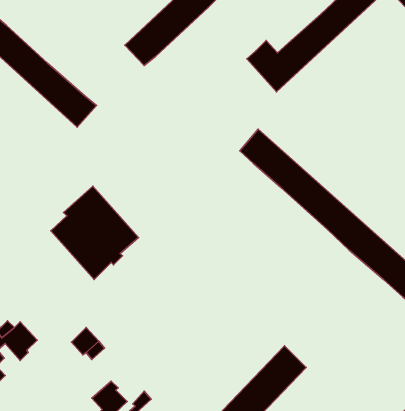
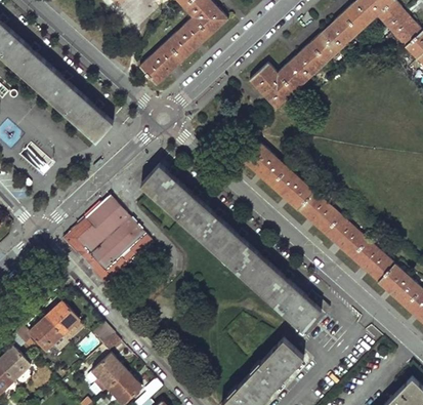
building: none -> [141,164,329,329]
building: none -> [64,218,112,284]
building: none -> [45,302,79,340]
building: none -> [93,354,127,386]

